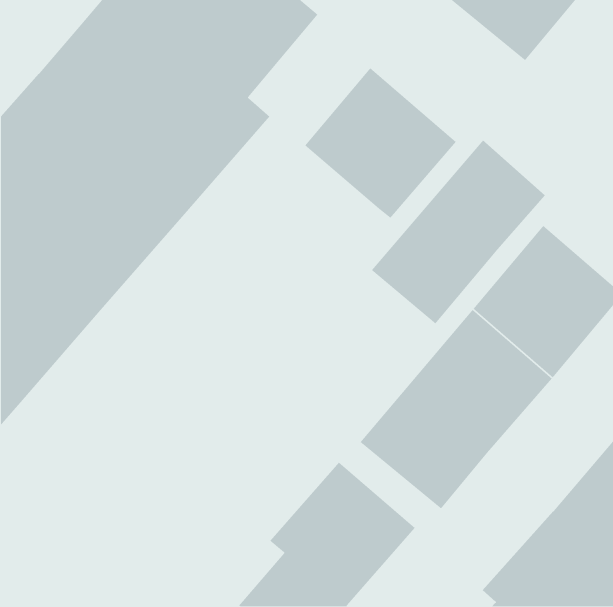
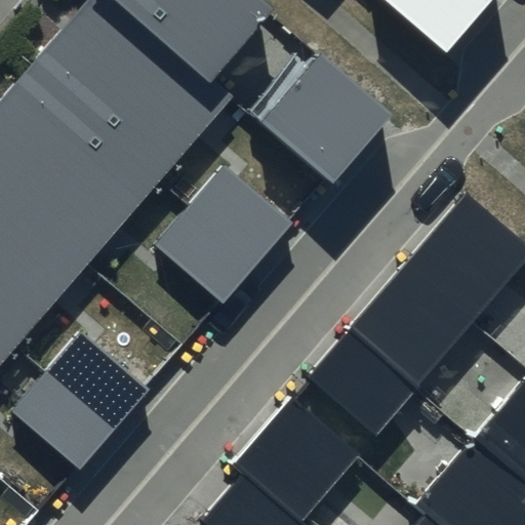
building: [371,140,546,324] -> none
building: none -> [155,166,288,300]
building: none -> [11,329,147,468]

